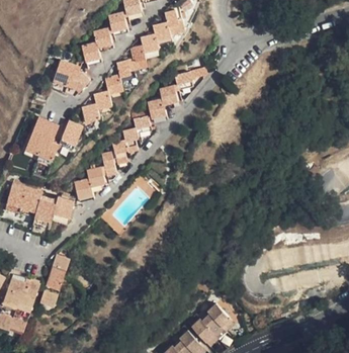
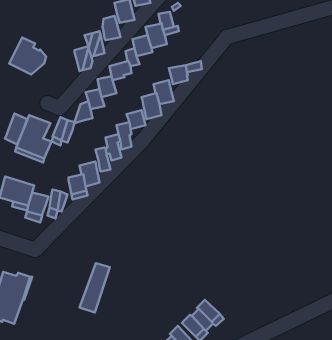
building: [50,62,87,99] -> [9,37,46,75]
building: none -> [5,114,27,144]
building: [38,254,69,303] -> [80,263,110,312]

